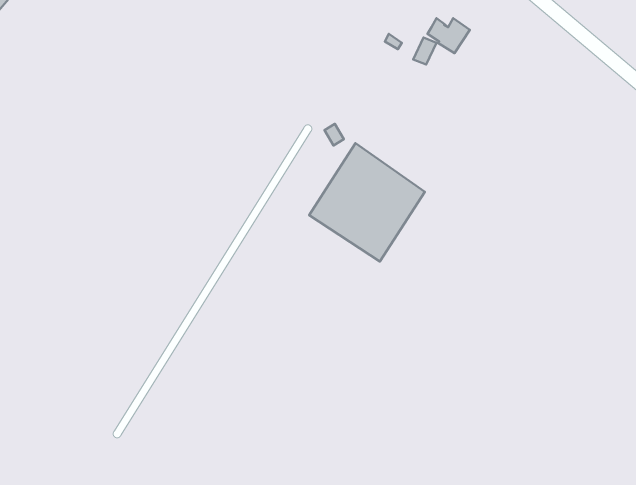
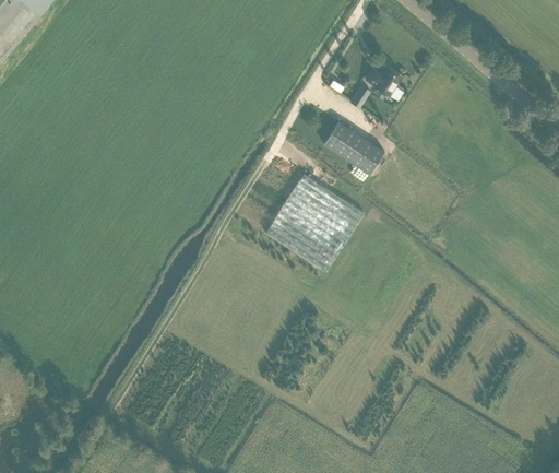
building: none -> [322,120,383,173]

